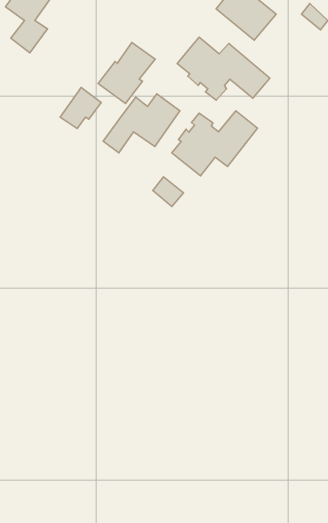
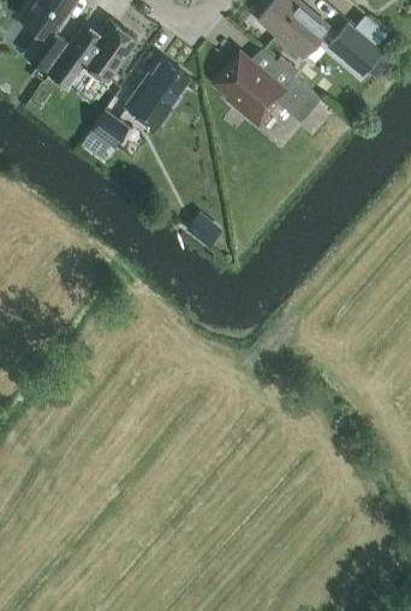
building: none -> [330,25,381,75]
building: [103,94,180,153] -> [48,20,136,88]
building: [172,111,258,176] -> none

